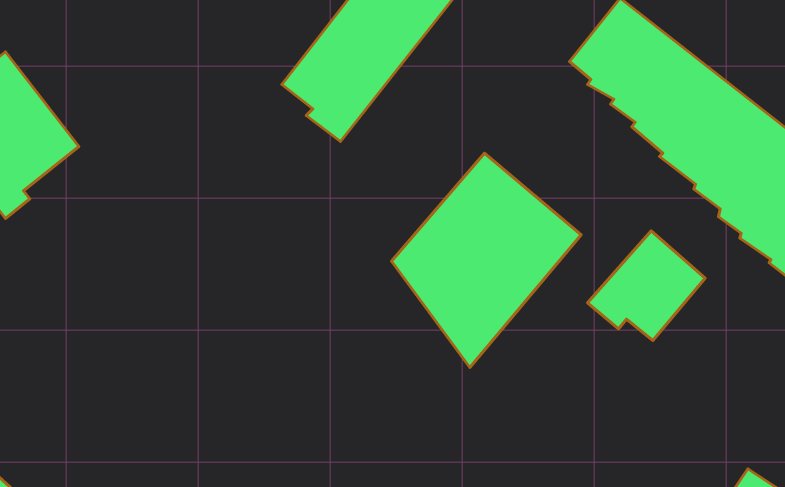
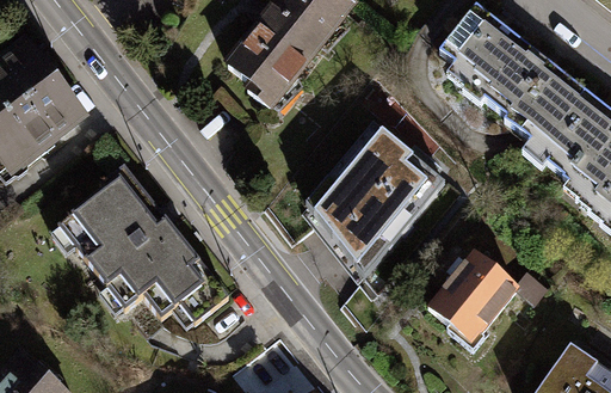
building: none -> [57,165,227,323]
building: [587,231,705,340] -> [428,253,514,333]

